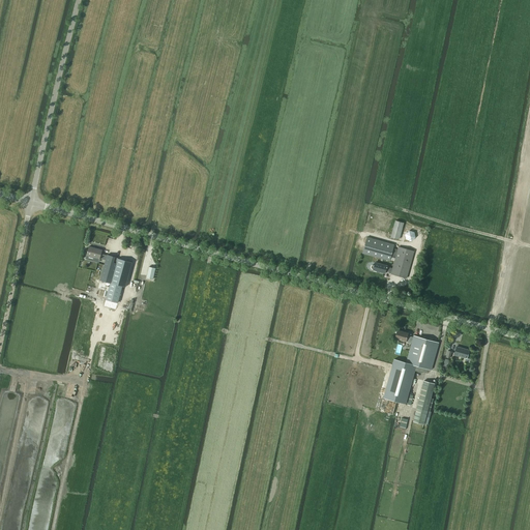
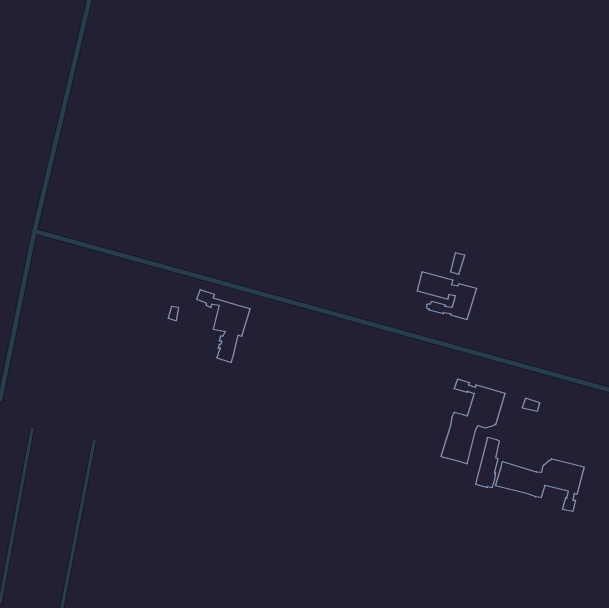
building: [86,245,132,308] -> [197,290,250,362]
building: none -> [495,459,584,511]

